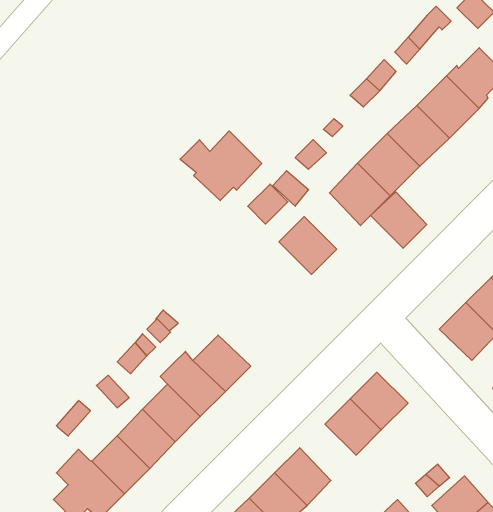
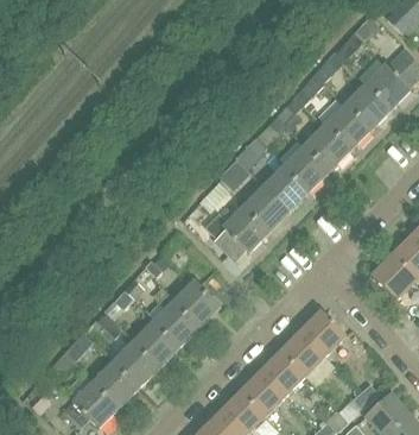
building: [180,131,262,201] -> [204,204,269,260]
building: [370,192,427,248] -> [264,165,309,210]
building: none -> [260,351,305,396]

